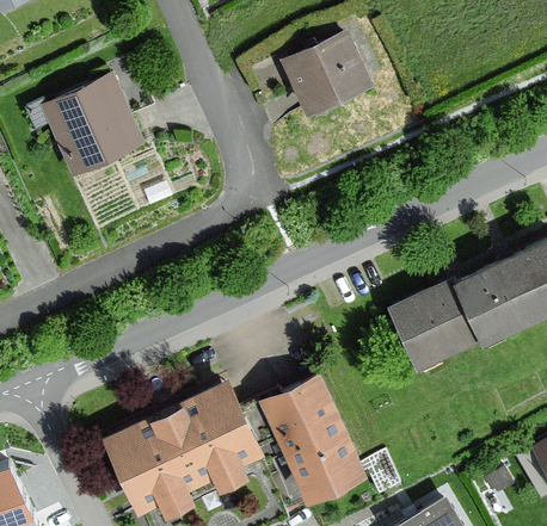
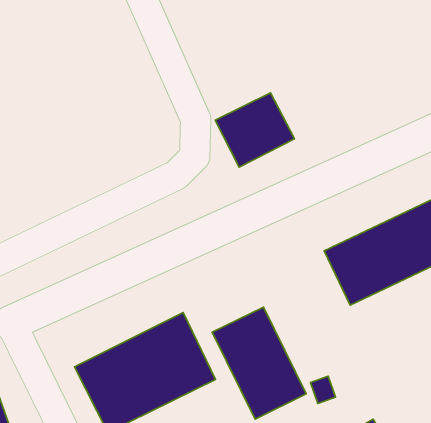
building: [281,42,371,126] -> [215,93,295,167]
building: [41,85,142,182] -> none

